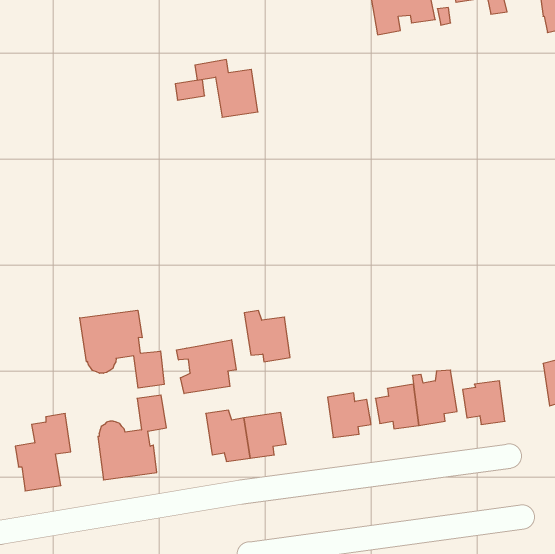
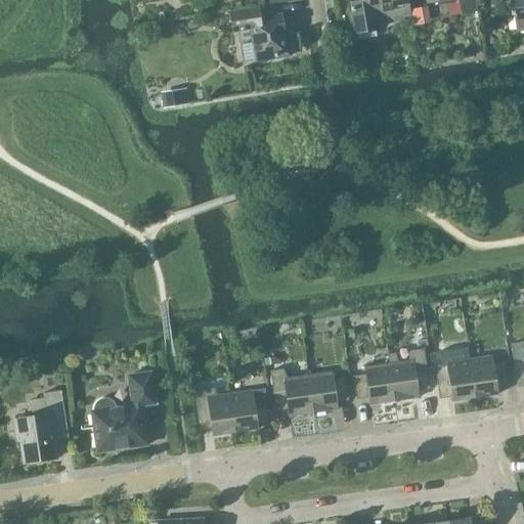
building: [195,60,258,117] -> [229,6,289,60]
building: [80,310,164,388] -> none
building: [244,311,290,362] -> [271,367,314,416]
building: [177,340,236,394] -> none
building: none -> [471,355,510,396]

